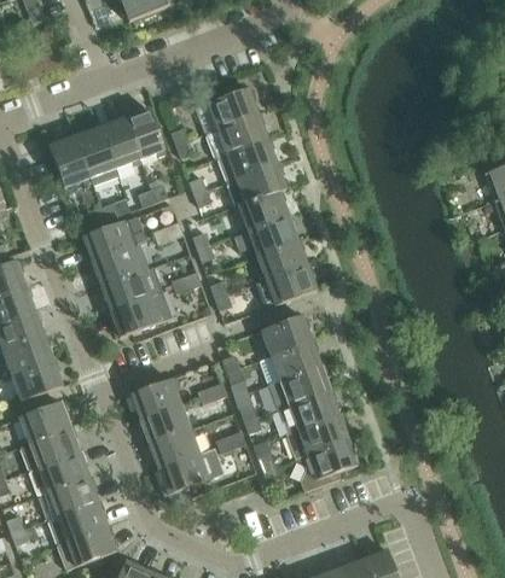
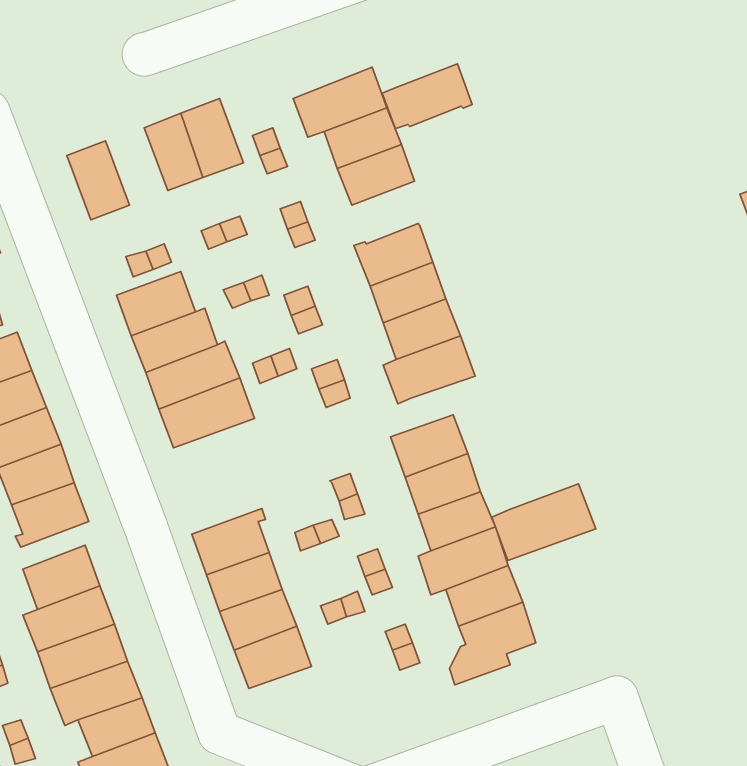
building: [74,127,117,185] -> none
building: [227,162,286,204] -> [382,64,472,128]
building: none -> [492,484,596,560]

